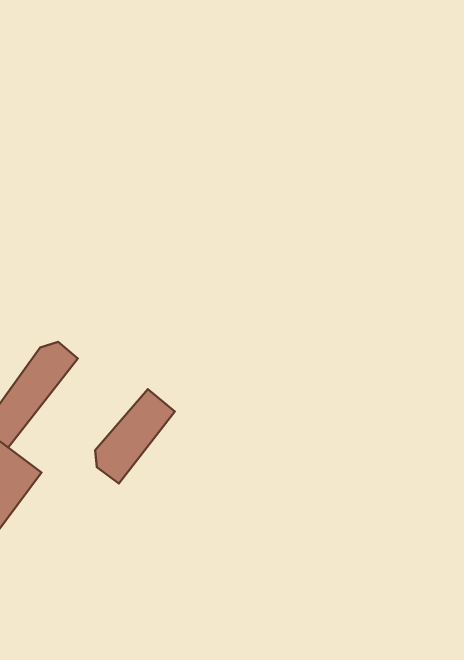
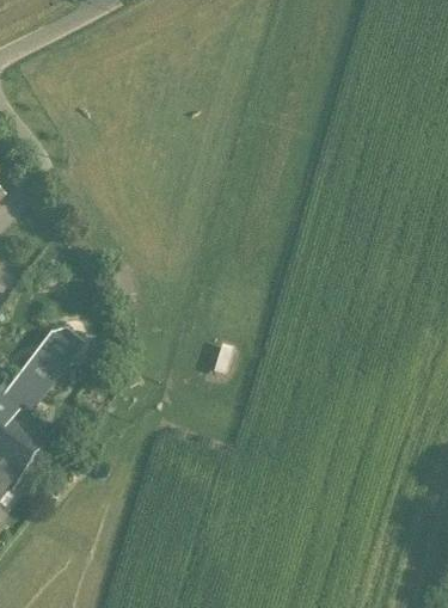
building: [95,389,175,483] -> none

